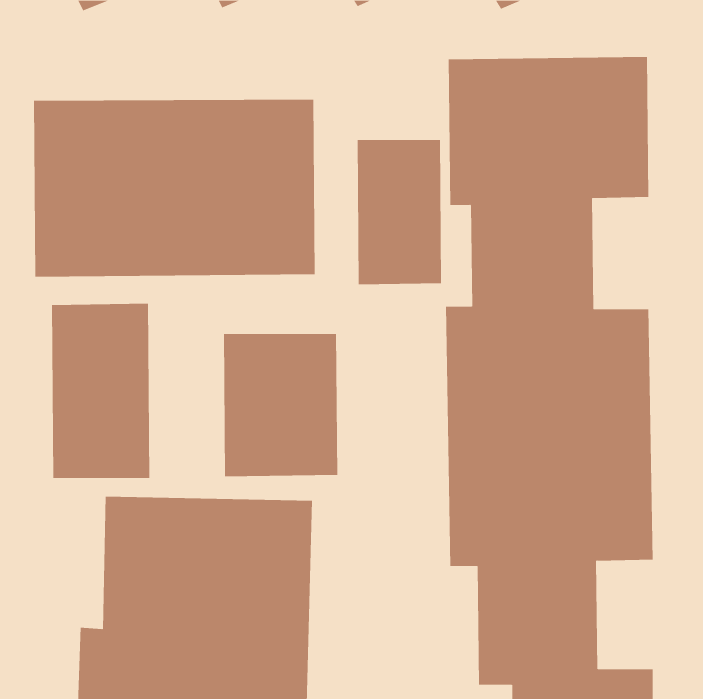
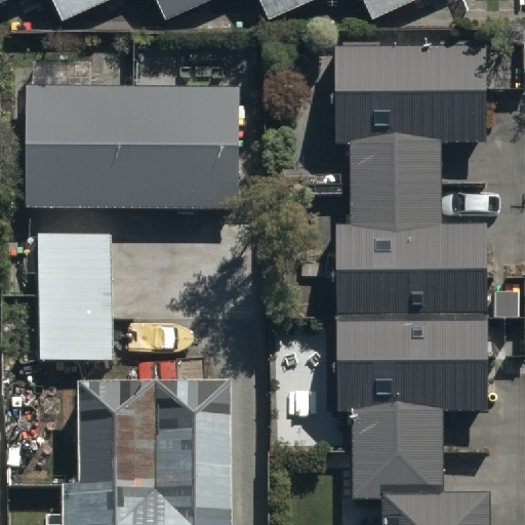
building: [357,139,442,285] -> none
building: [224,333,338,477] -> none

